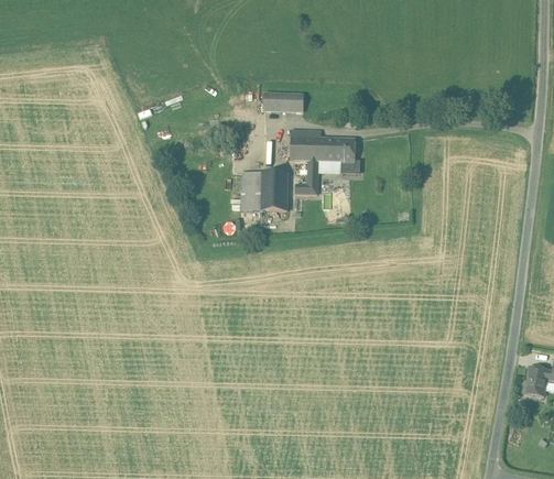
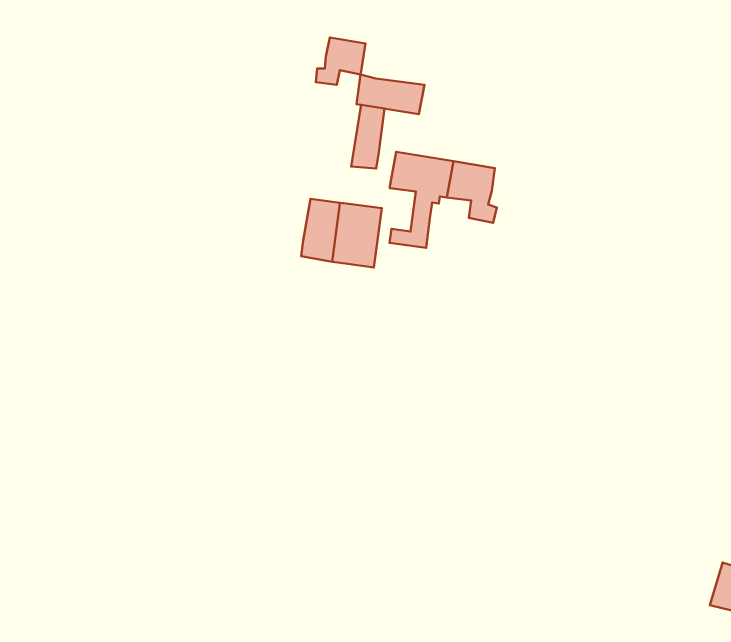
building: none -> [316,38,365,85]
building: none -> [351,105,384,169]

